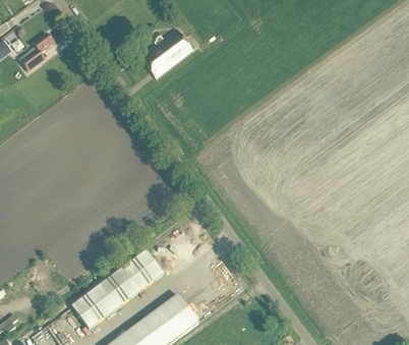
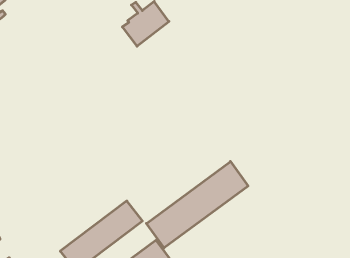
building: [18,33,54,71] -> none
building: none -> [146,161,248,248]

